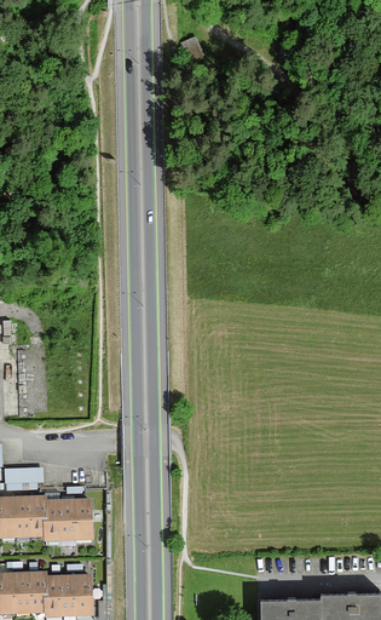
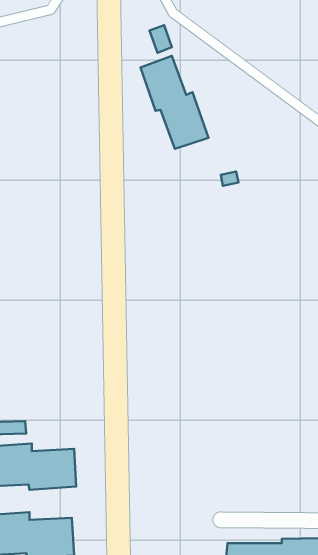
building: none -> [140,56,209,149]

